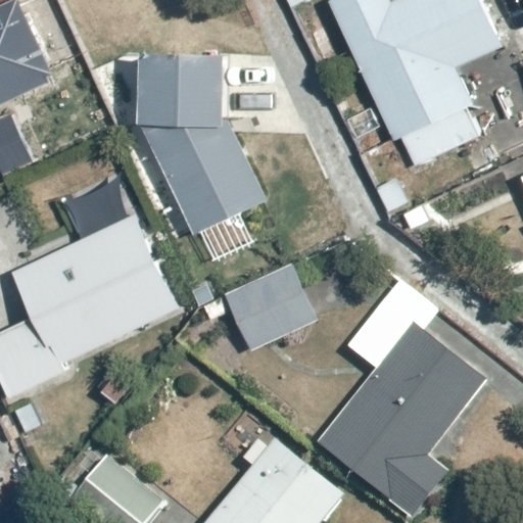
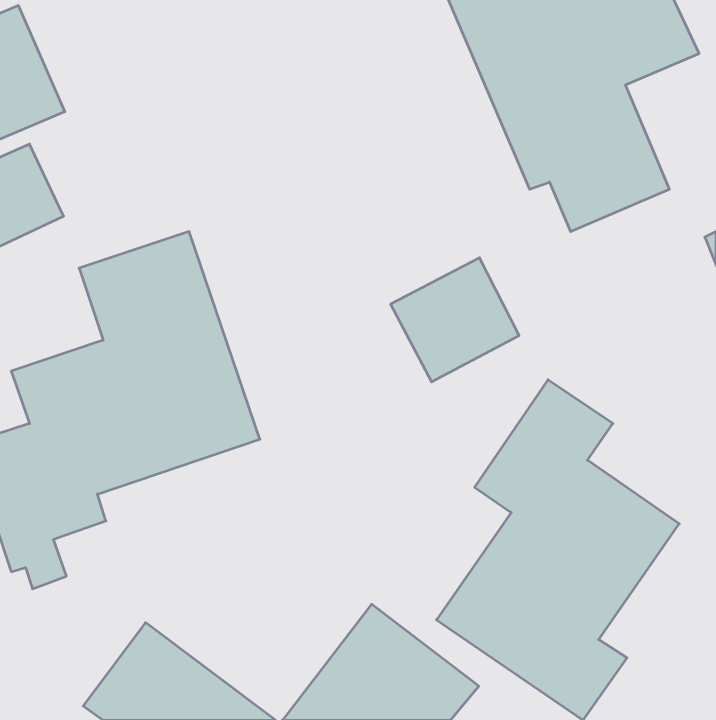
building: [138,50,270,238] -> none
building: [224,262,317,351] -> [391,258,519,382]

